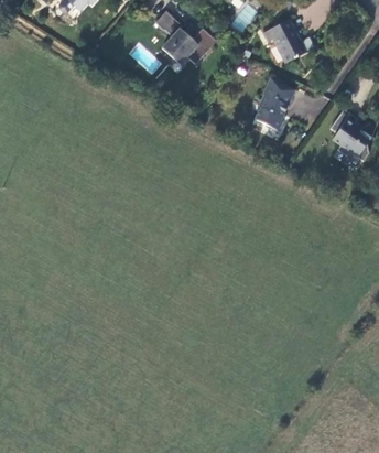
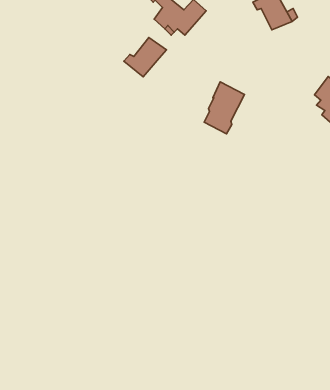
building: none -> [124,38,166,77]
building: [255,75,296,129] -> [204,82,245,134]

